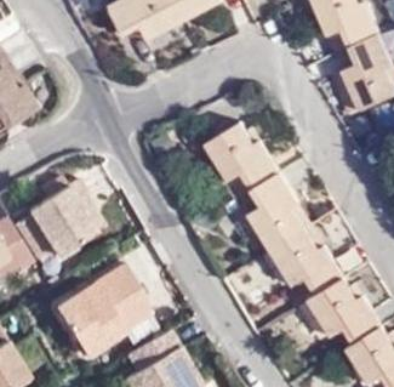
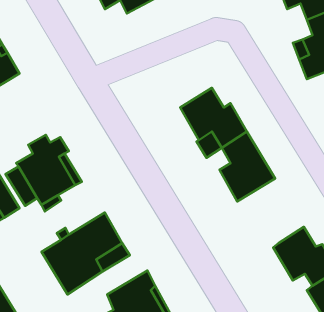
building: [269,224,343,296] -> none

